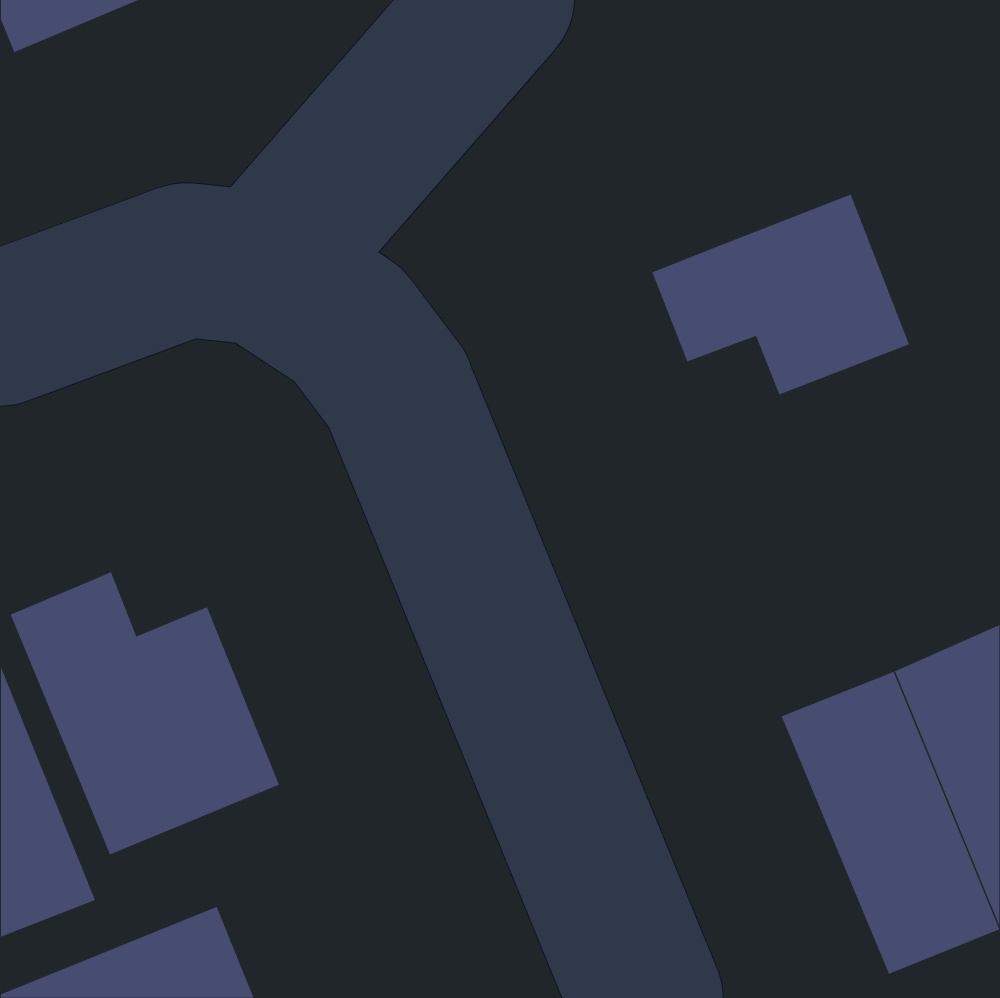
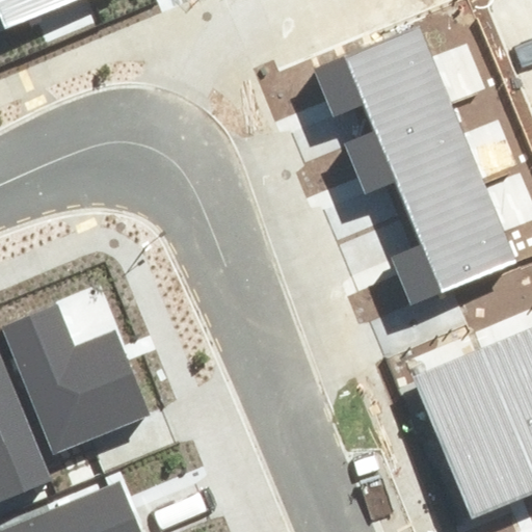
building: none -> [314,28,452,131]
building: none -> [390,183,514,305]

